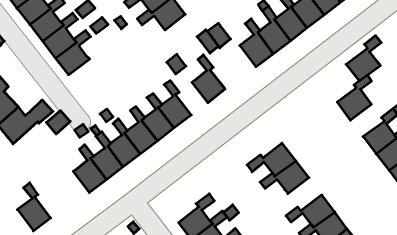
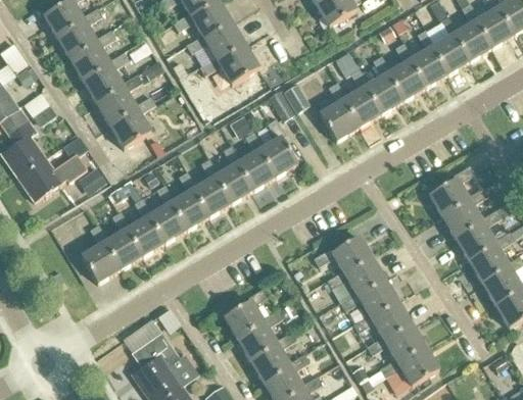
building: [346,36,381,81] -> [443,186,488,238]
building: none -> [111,96,156,147]
building: none -> [237,132,275,189]
building: none -> [340,280,399,318]
building: [17,183,51,231] -> [82,223,121,282]

